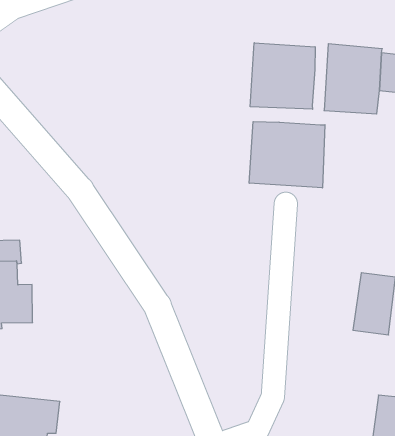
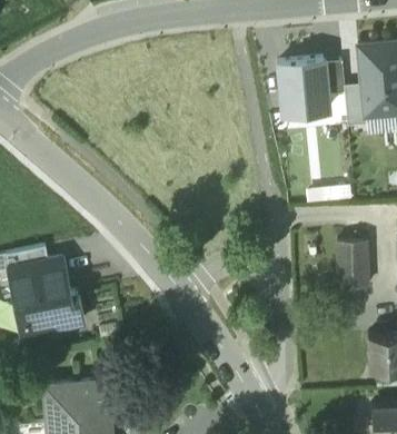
building: [250,43,315,109] -> none
building: [249,122,325,188] -> none

